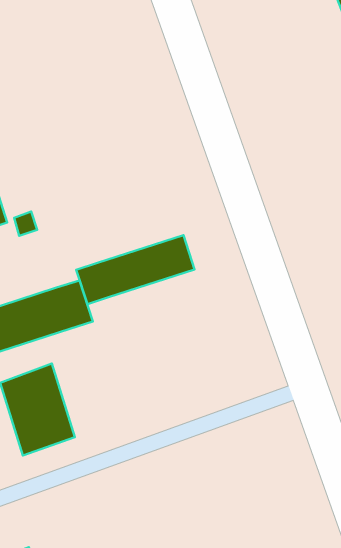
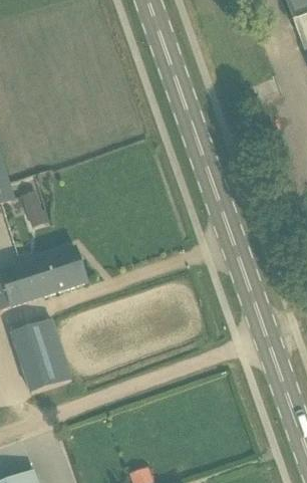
building: [76,235,195,304] -> none

